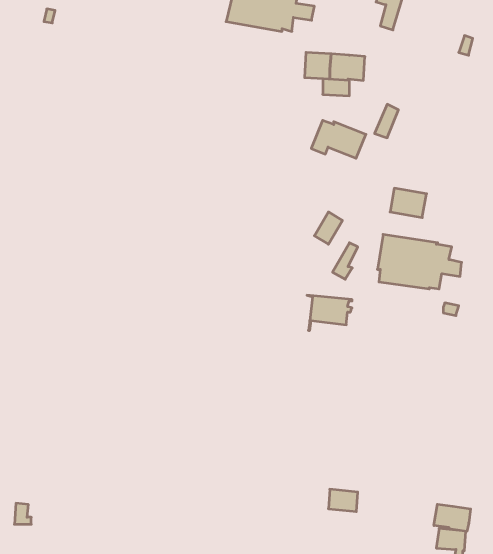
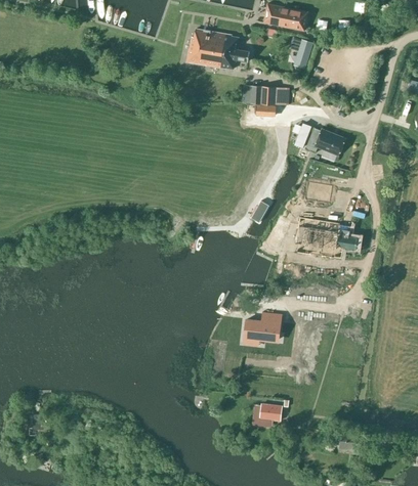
building: [311,120,366,158] -> [305,128,345,156]
building: [307,295,352,330] -> [244,318,277,344]
building: [434,504,471,531] -> none

